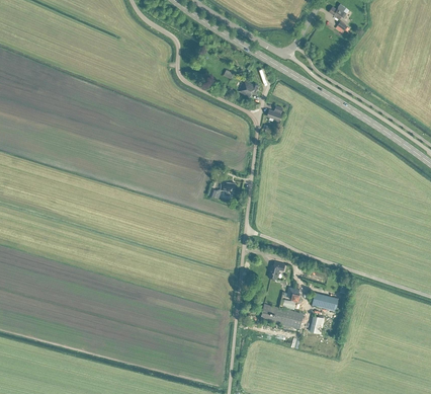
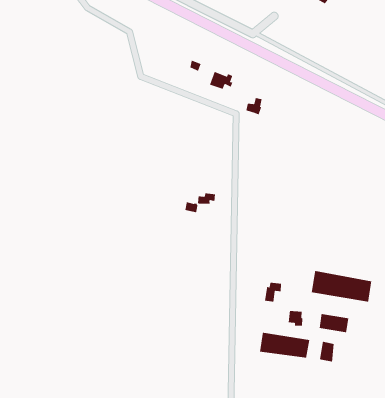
building: none -> [311,270,372,302]

